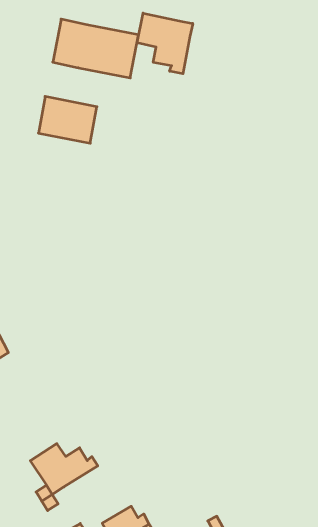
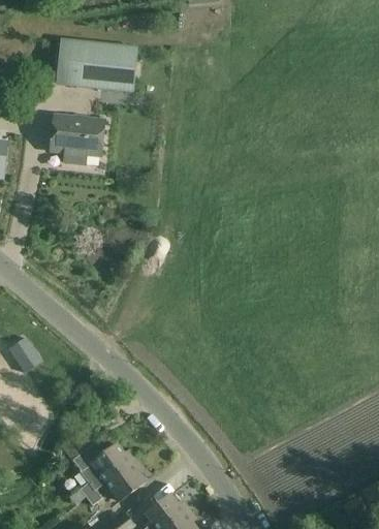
building: [137,13,193,74] -> none
building: none -> [105,459,146,500]

